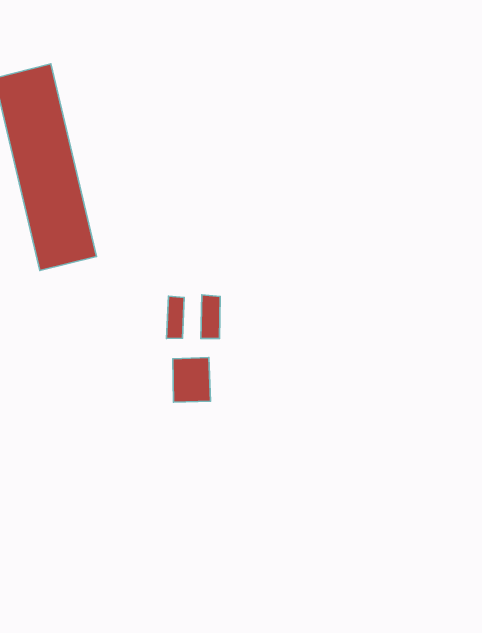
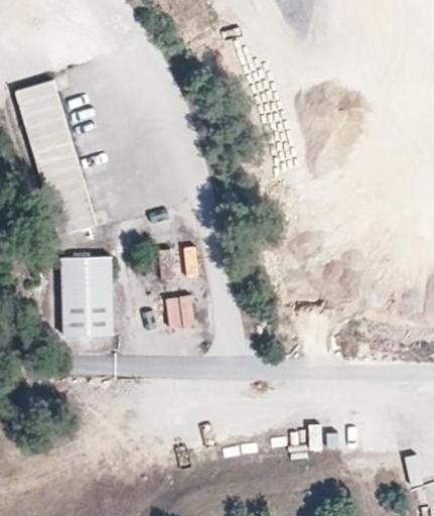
building: none -> [62,258,112,337]

